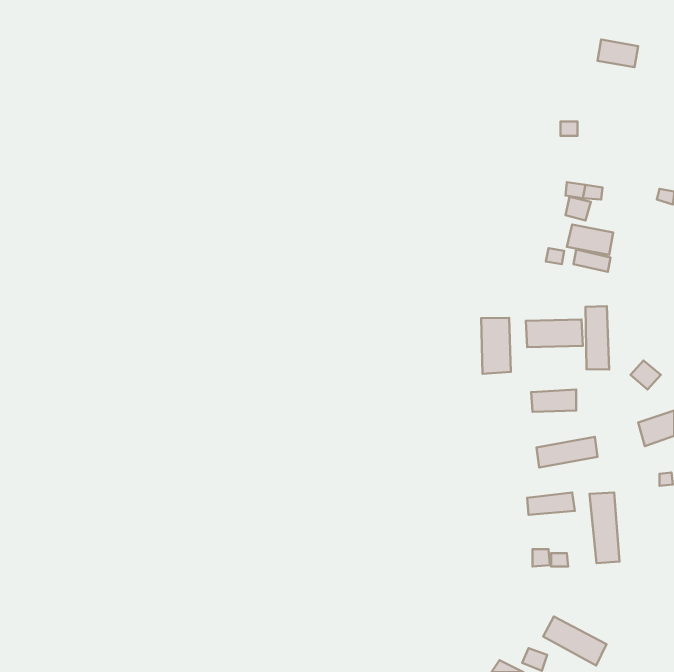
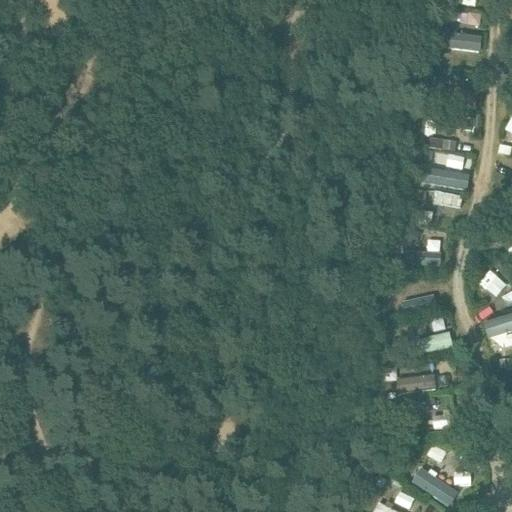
building: [585,306,609,369] -> none
building: [481,318,511,374] -> none
building: [590,492,620,563] -> none

